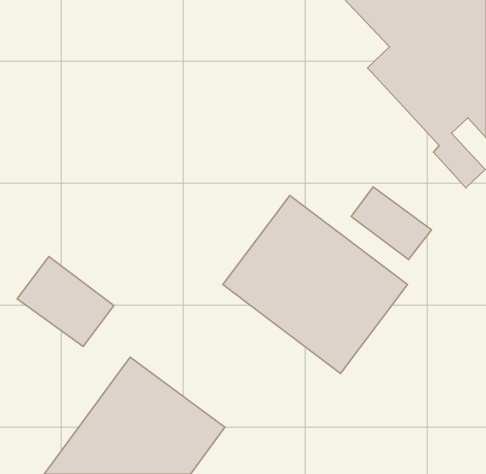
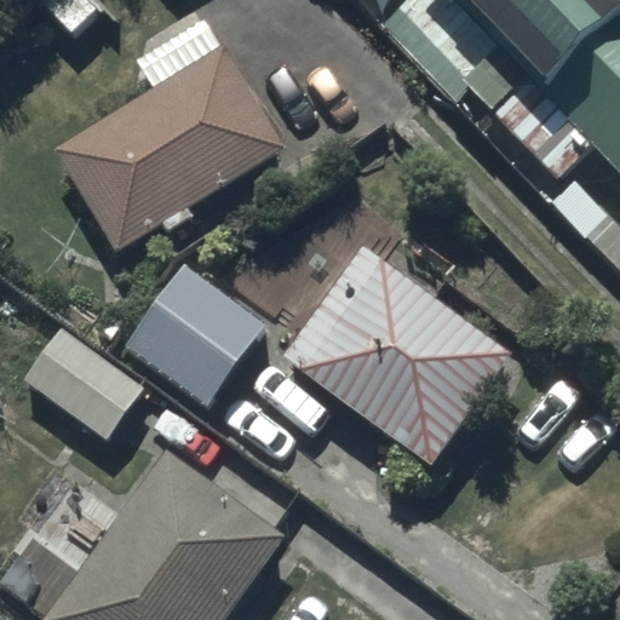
building: none -> [54,48,287,256]
building: none -> [119,260,266,407]

